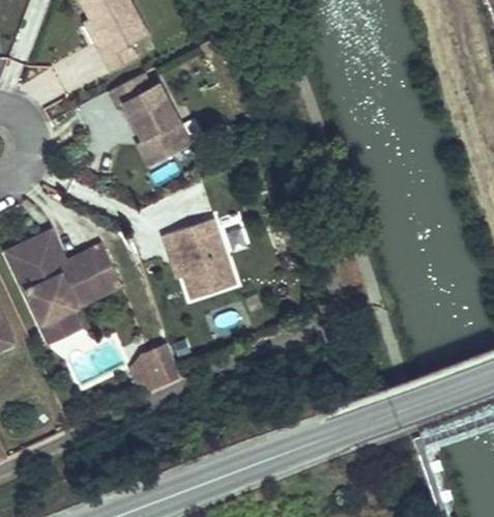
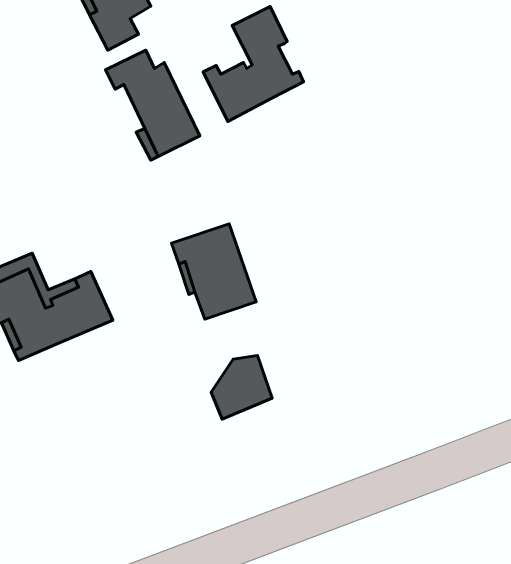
building: none -> [203,6,304,122]
building: [35,312,78,347] -> none
building: [123,347,175,401] -> [211,355,272,419]

